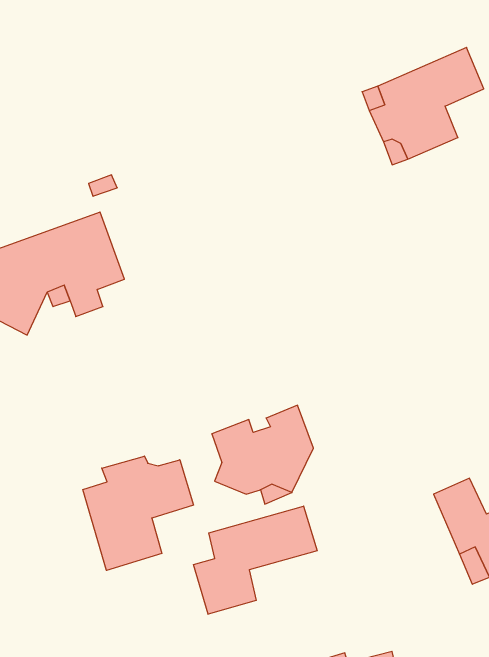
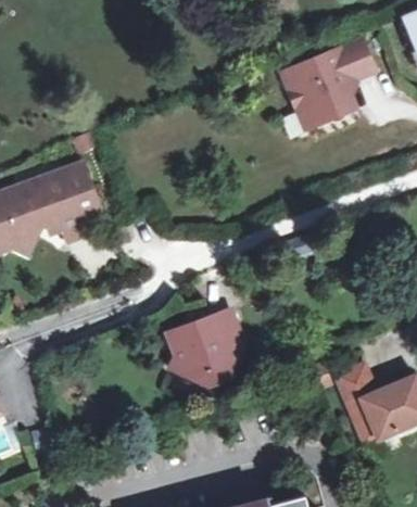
building: [83,456,193,570] -> none
building: [193,506,317,614] -> none

